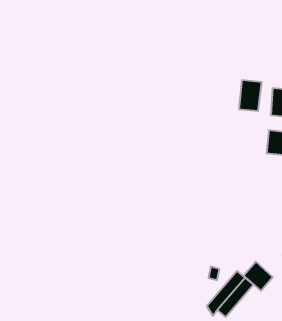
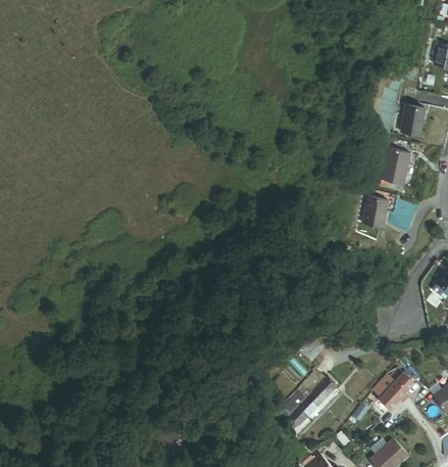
building: [239,80,261,111] -> none
building: [244,262,273,291] -> none

